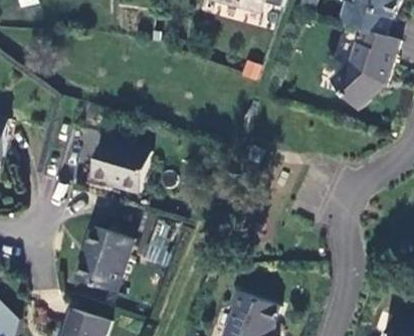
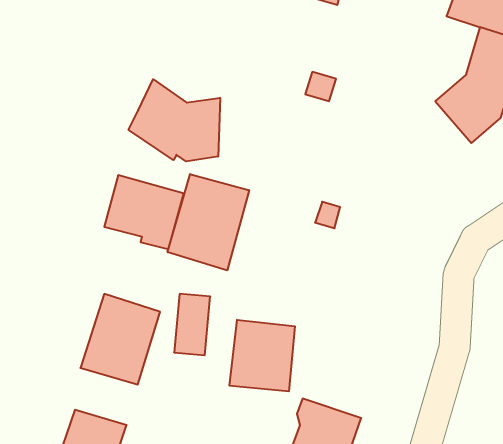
building: none -> [129,79,220,161]
building: none -> [168,174,249,270]
building: none -> [230,320,295,391]

